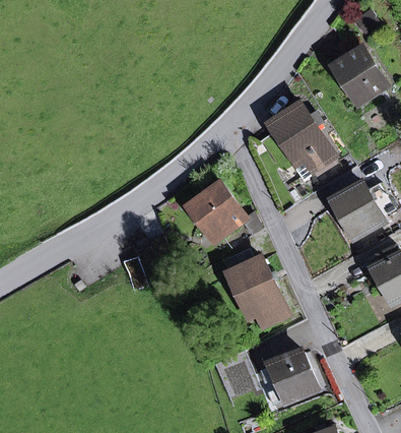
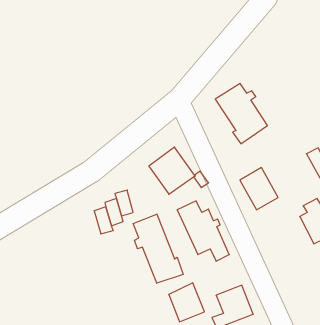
building: [335,51,384,103] -> none
building: [334,185,381,237] -> [240,168,278,210]
building: none -> [133,214,183,283]

